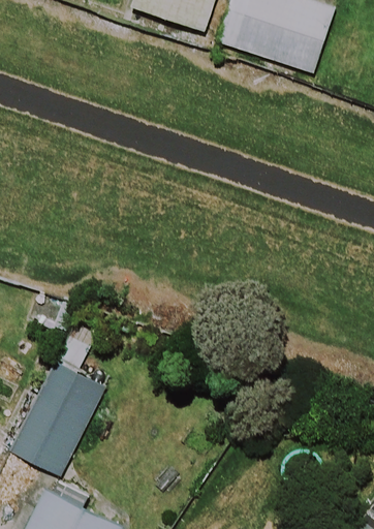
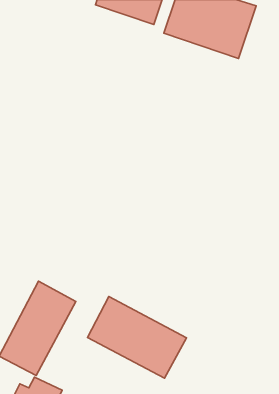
building: none -> [87,297,187,378]

